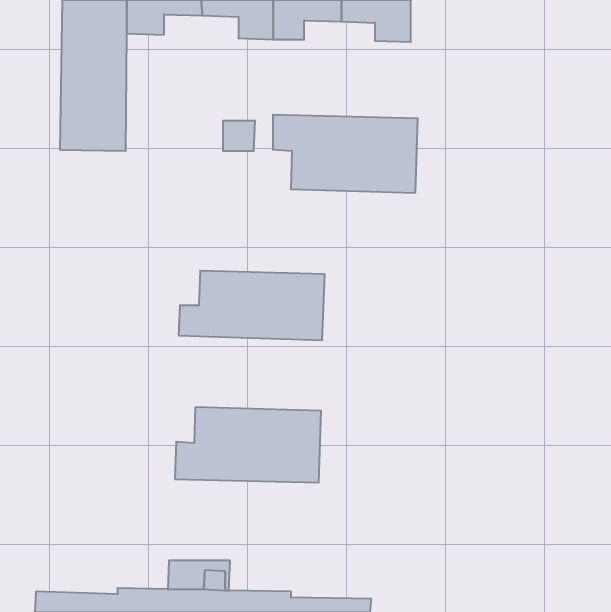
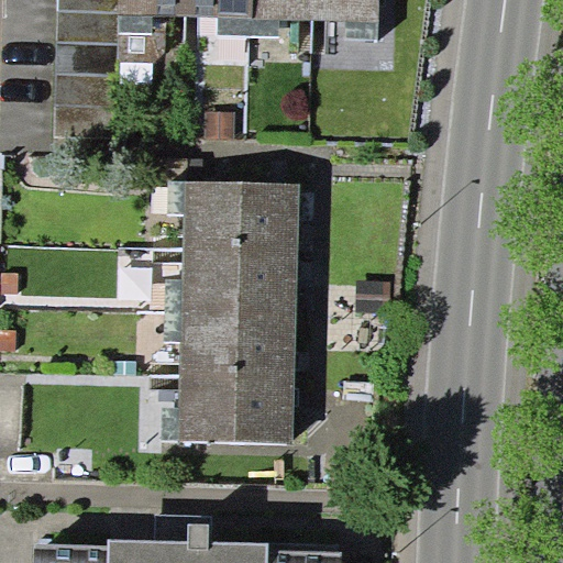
building: [273,115,418,193] -> [167,180,300,252]
building: none -> [162,308,296,377]

